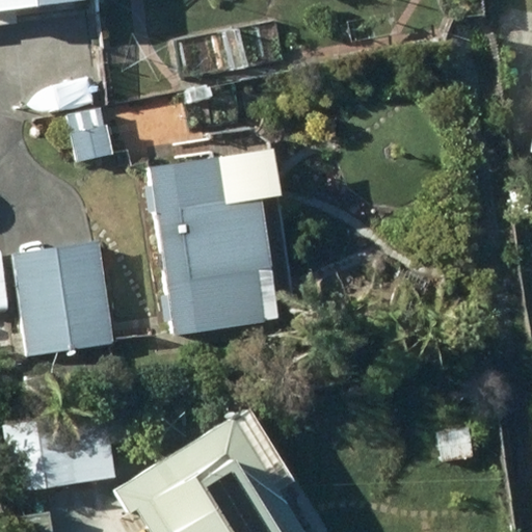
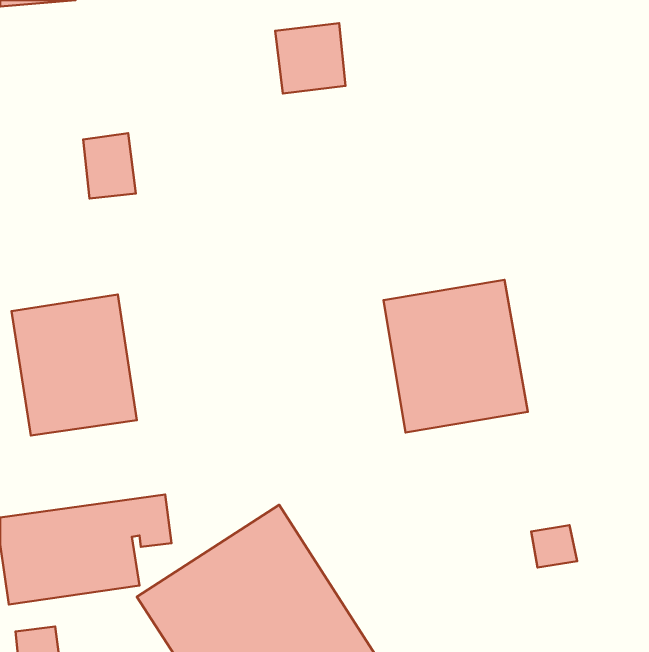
building: [141,156,280,337] -> none
building: none -> [383,280,528,433]

